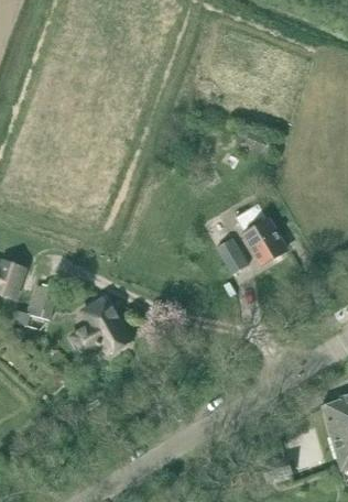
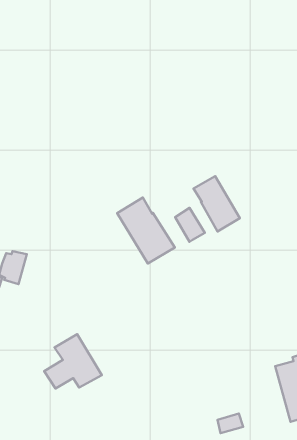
building: none -> [117,197,175,264]
building: [72,296,133,354] -> [44,334,102,389]

